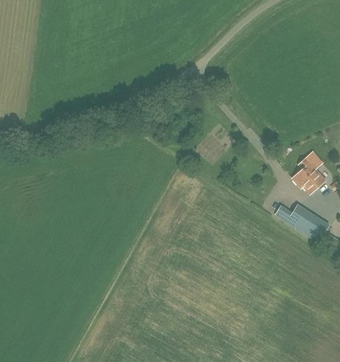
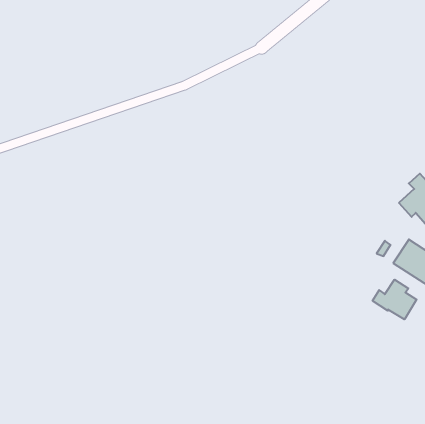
building: none -> [373,280,417,319]

